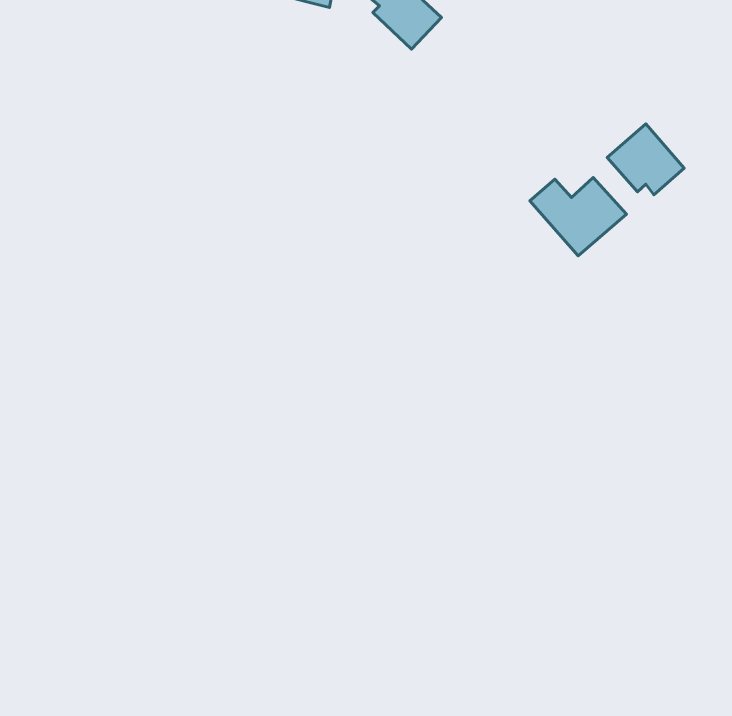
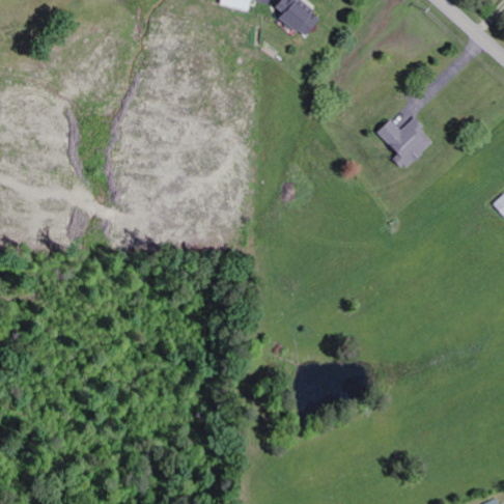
building: [607,124,684,195] -> none

